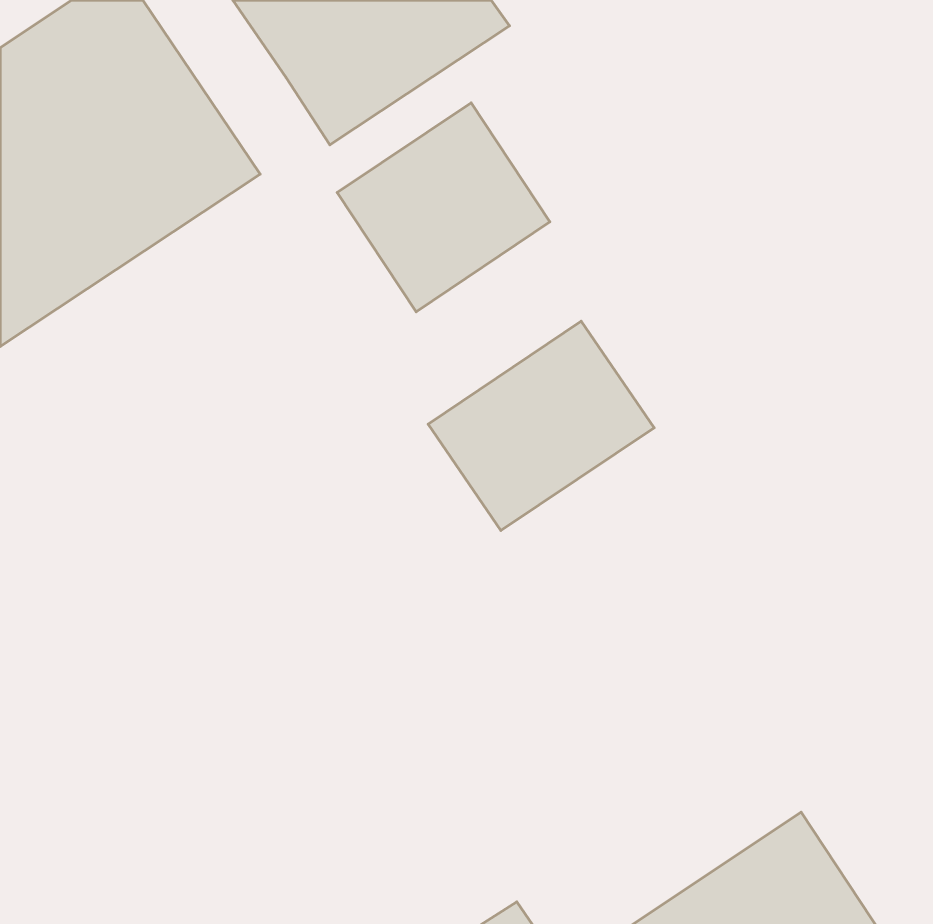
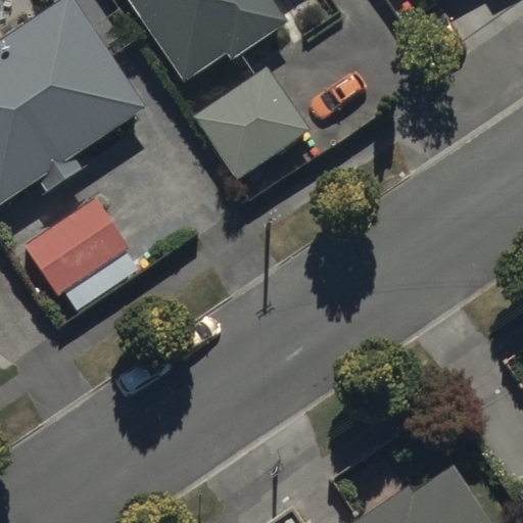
building: [428,321,654,531] -> none
building: none -> [21,196,132,300]

